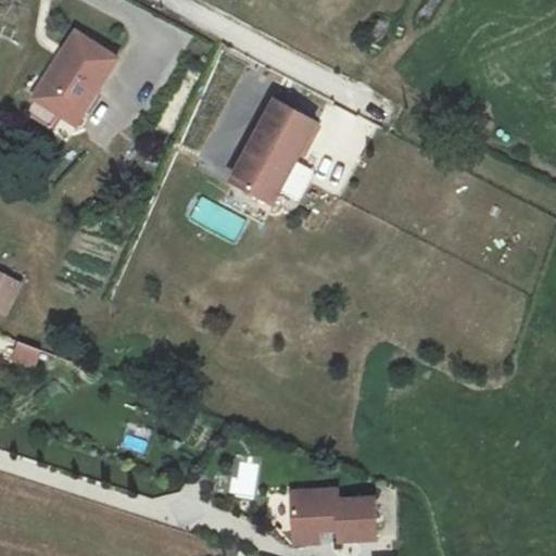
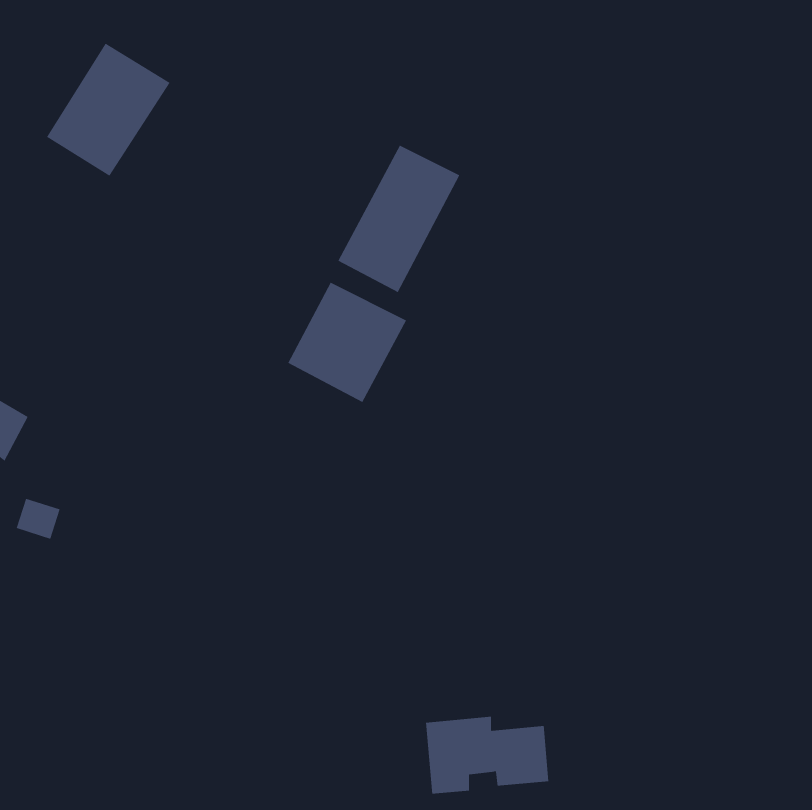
building: none -> [287,282,407,403]

